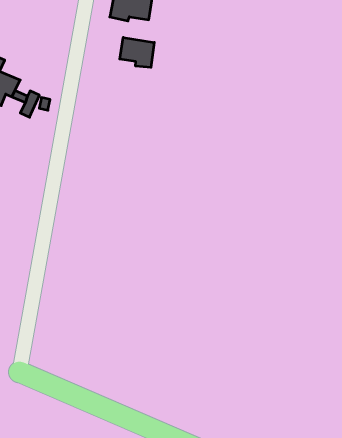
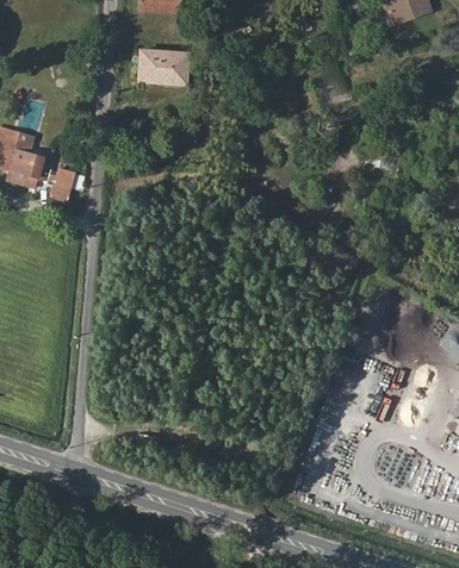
building: [120,37,154,67] -> none

